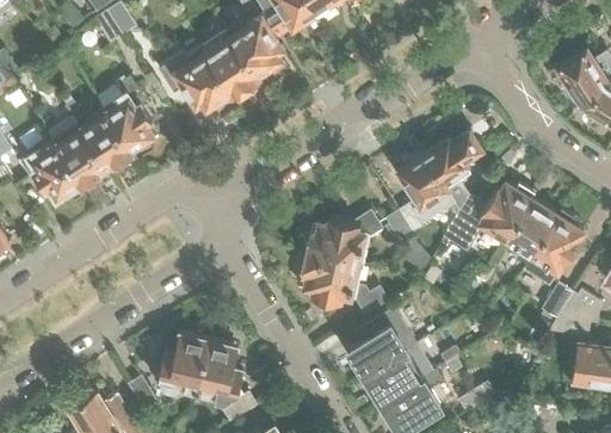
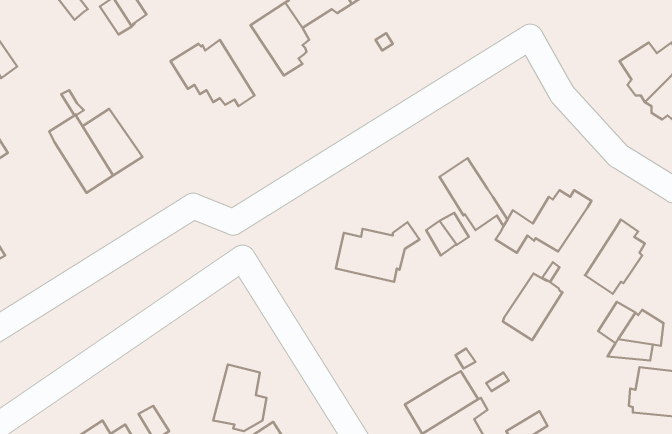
building: [200,33,258,99] -> none
building: [101,76,153,154] -> none
building: [422,131,480,183] -> none
building: [19,141,81,199] -> none
building: [502,199,556,259] -> [503,274,563,340]
building: [297,254,387,315] -> none
building: [350,324,406,376] -> none
building: [155,333,208,390] -> none

